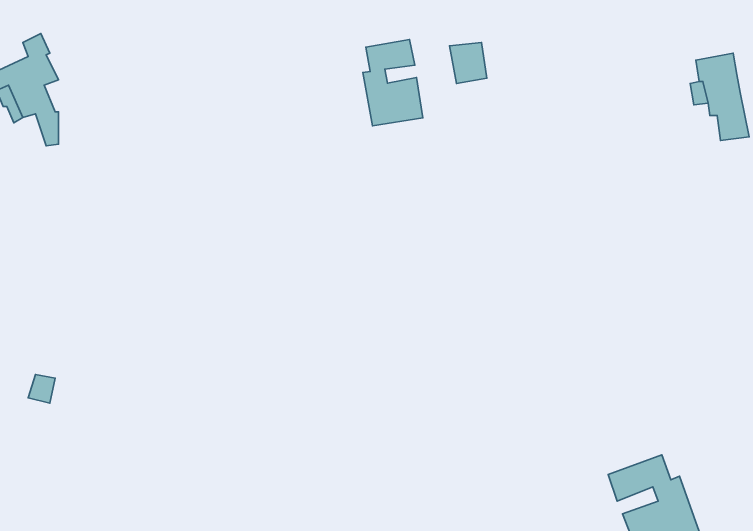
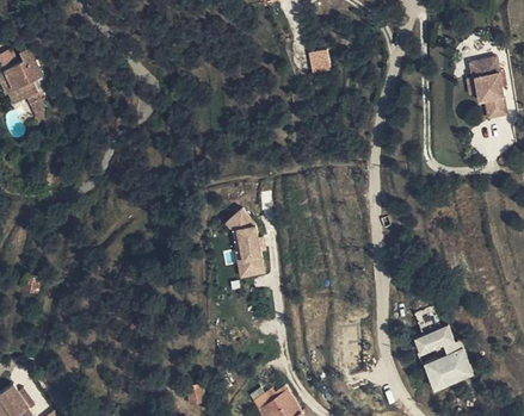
building: [363,40,423,126] -> none
building: none -> [229,212,264,280]

